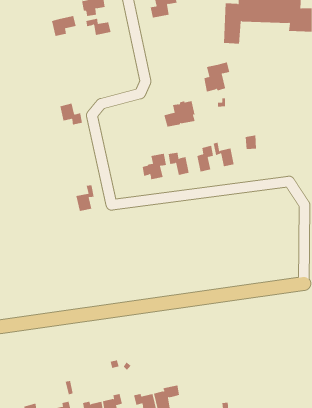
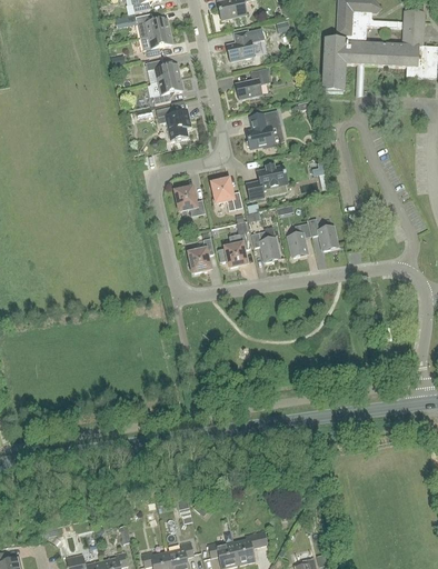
building: [51,16,76,36] -> [150,77,182,103]
building: none -> [235,68,269,99]
building: none -> [156,106,190,139]
building: [203,62,230,92] -> [246,110,280,149]
building: [59,103,83,125] -> [175,187,205,216]
building: none -> [211,179,242,210]
building: [76,185,95,211] -> [189,238,213,272]

